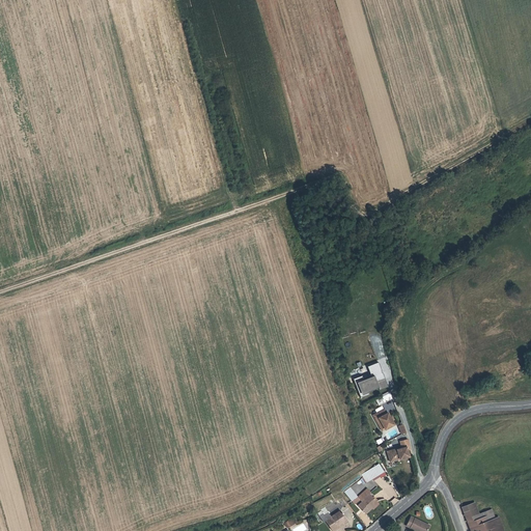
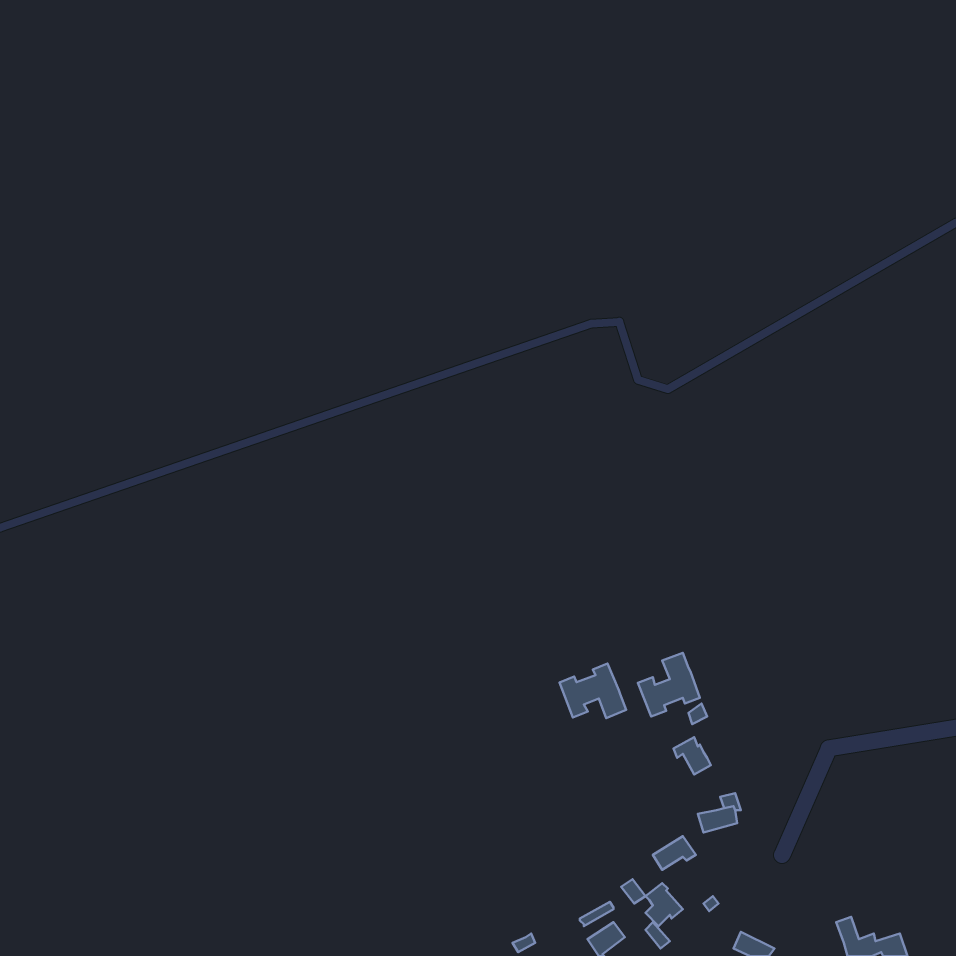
building: none -> [559,663,626,718]

